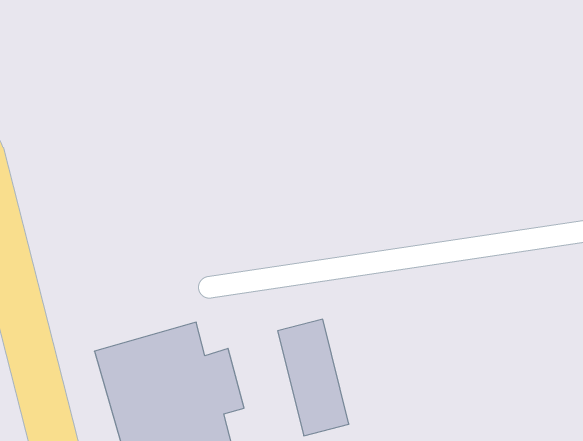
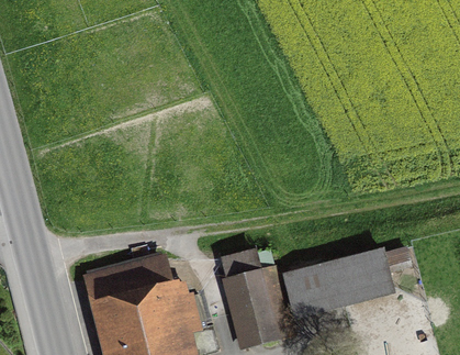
building: none -> [284,248,407,311]

